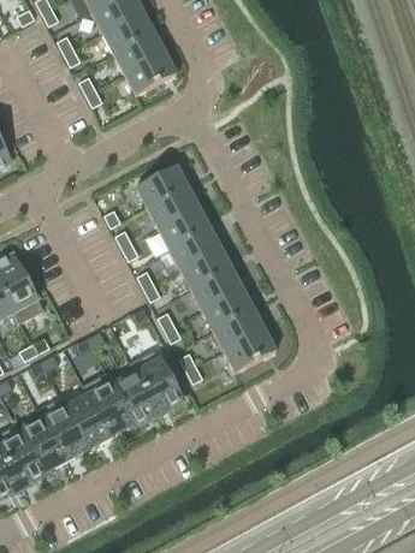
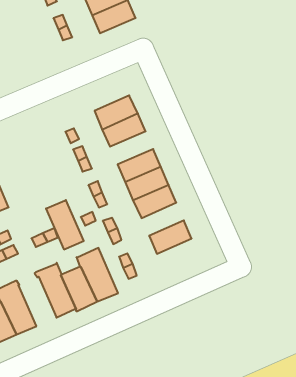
building: [158,207,209,249] -> none
building: [202,289,253,331] -> none
building: [224,329,275,373] -> none
building: [63,390,111,448] -> [46,200,84,249]

